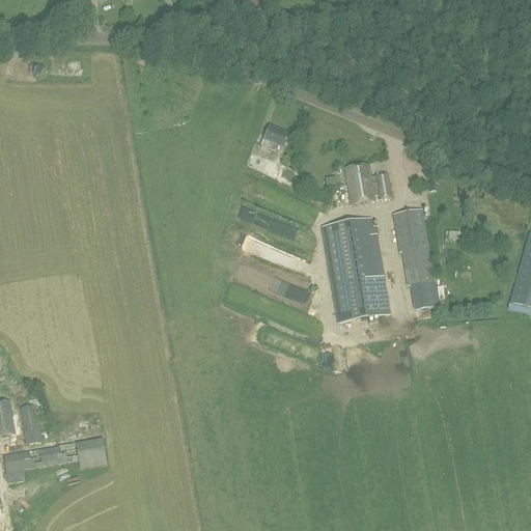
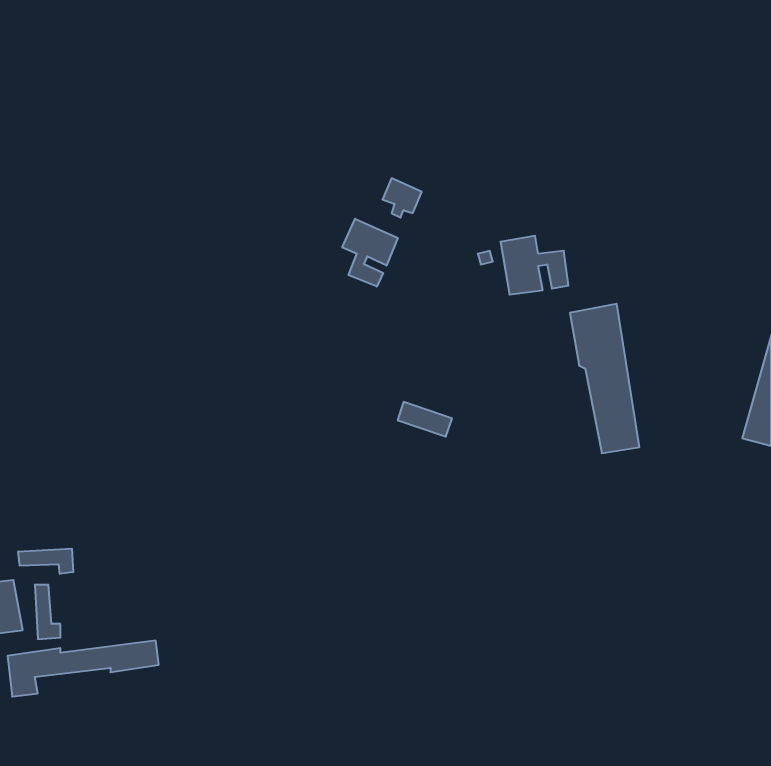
building: none -> [342,219,398,287]
building: [320,216,390,322] -> none
building: none -> [18,549,73,574]

